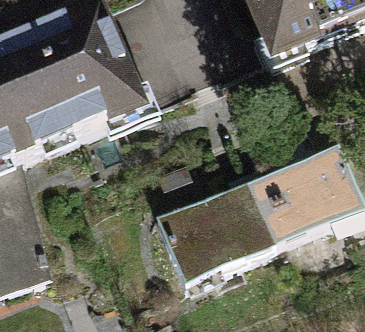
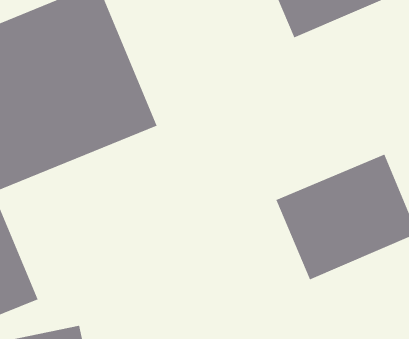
building: [159,188,277,292] -> none

